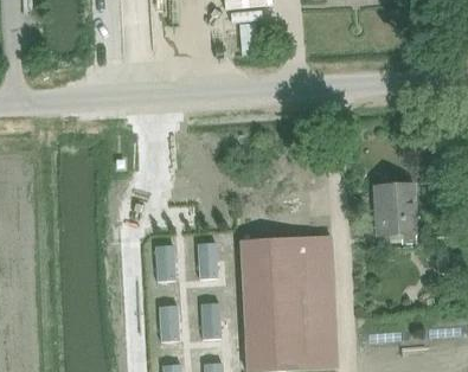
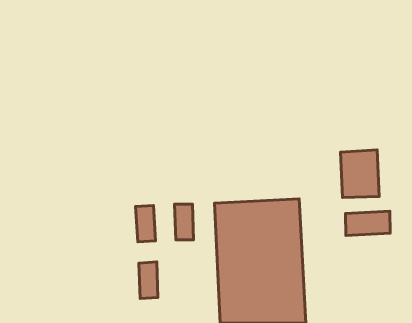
building: none -> [345,211,390,235]
building: [200,301,222,340] -> none

